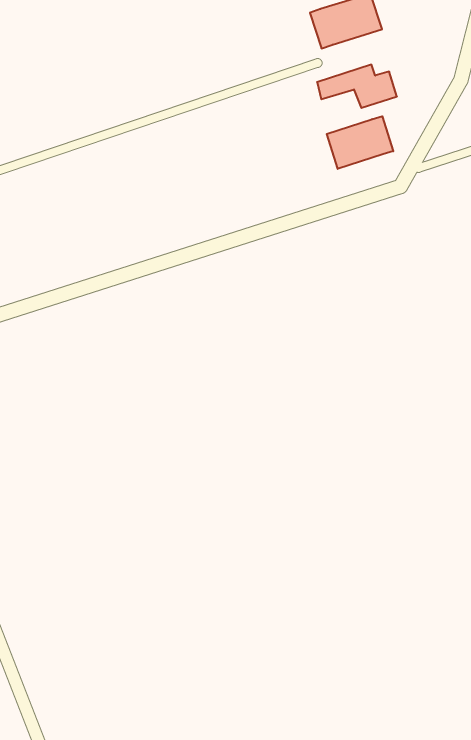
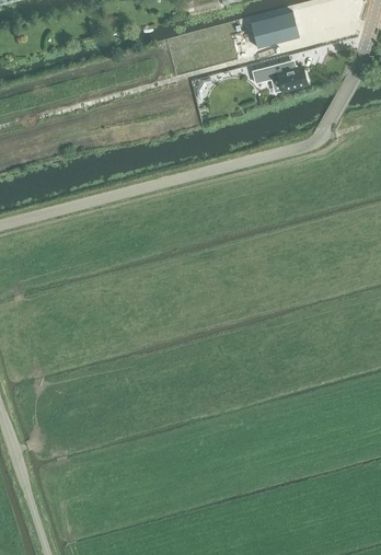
building: [327,116,393,169] -> none

